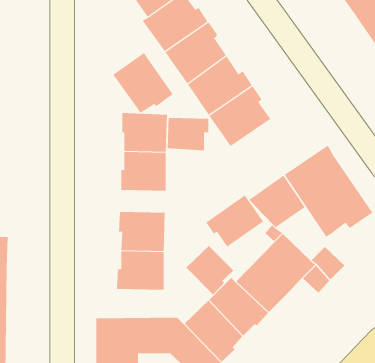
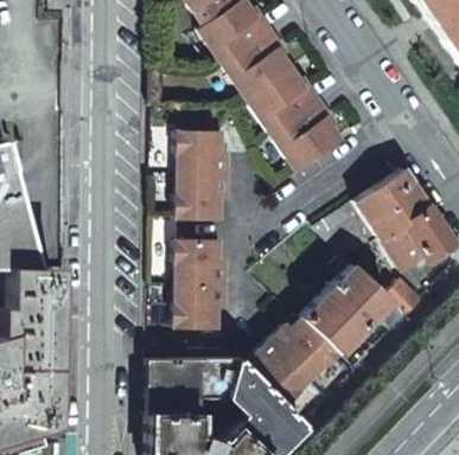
building: [112,52,173,113] -> none
building: [167,117,209,151] -> none
building: [205,195,264,247] -> none
building: [185,245,234,295] -> none

